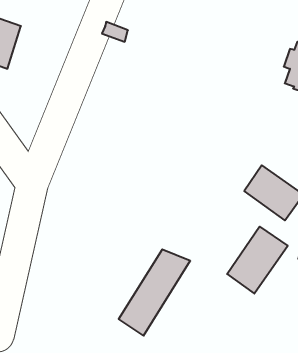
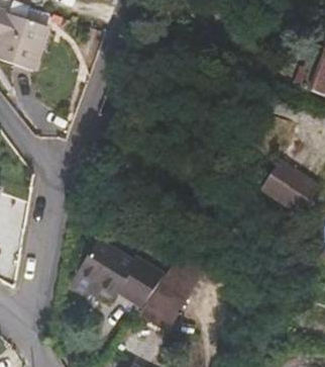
building: [227,227,288,294] -> none
building: none -> [73,240,164,301]

